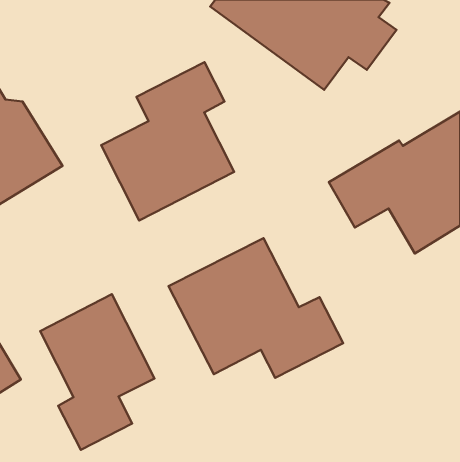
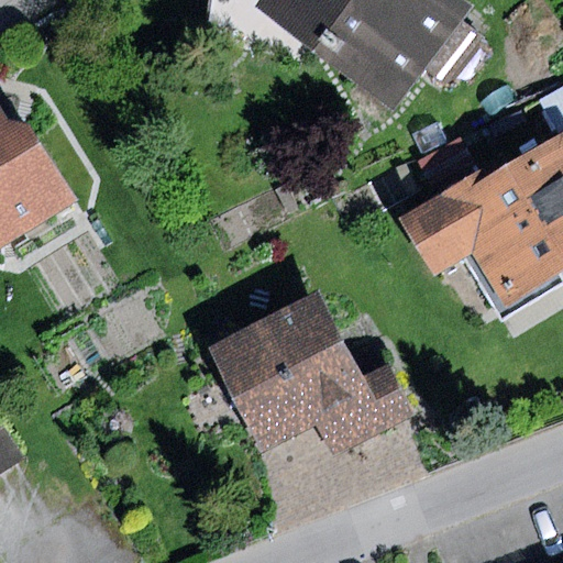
building: [101,62,234,221] -> none
building: [40,294,155,450] -> none

